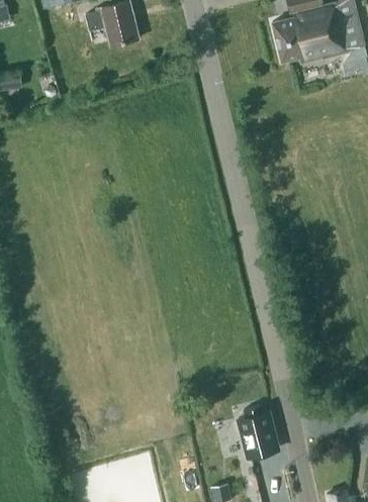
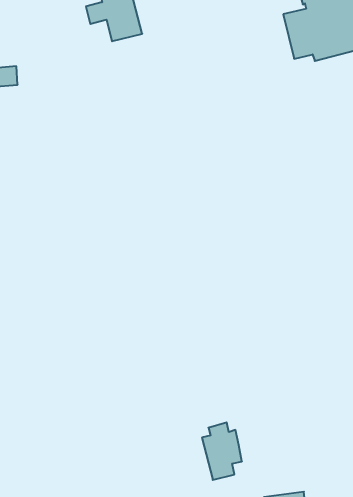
building: [239,405,276,459] -> [202,422,242,480]

